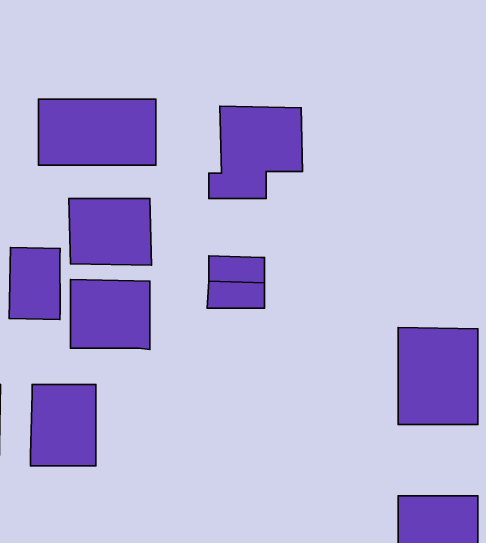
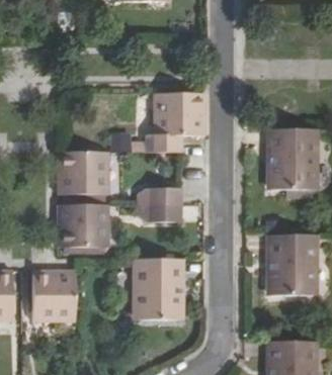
building: [38,99,156,165] -> none
building: none -> [266,128,318,190]
building: [9,248,60,320] -> none
building: none -> [133,259,184,320]

